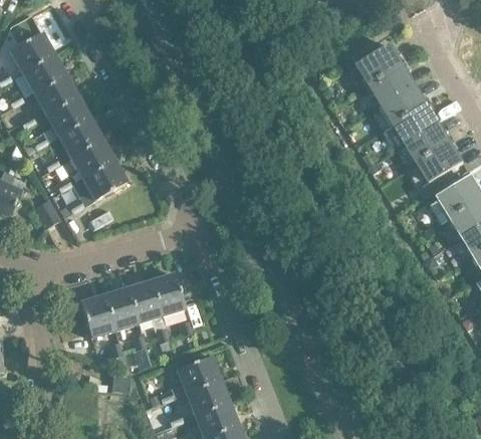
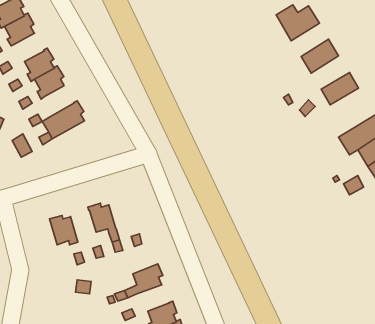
building: [372,66,417,106] -> none
building: [38,75,74,115] -> none
building: [396,105,442,146] -> none
building: [74,139,109,179] -> none
building: [419,145,464,183] -> none
building: [150,276,185,311] -> none
building: [103,290,139,326] -> none
building: [190,379,226,416] -> none

